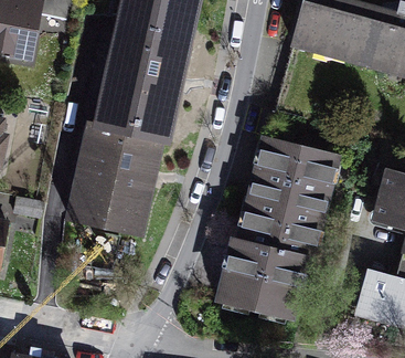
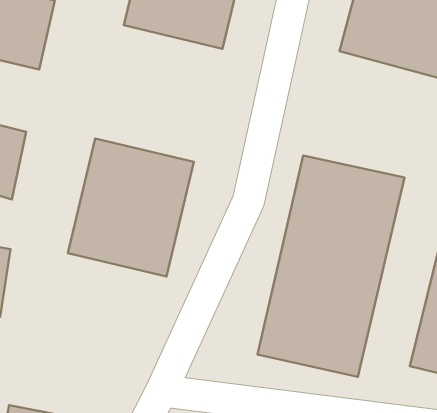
building: [84,27,192,143] -> none

